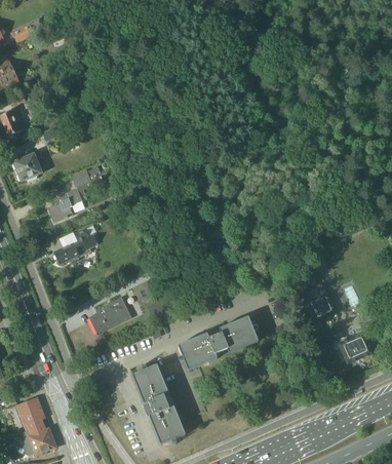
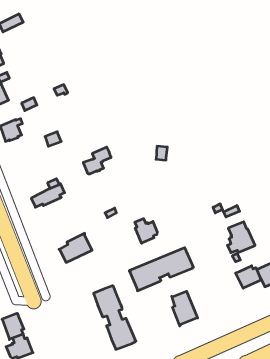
building: [47,188,82,222] -> [83,147,111,174]
building: none -> [135,219,157,243]
building: none -> [236,266,261,288]
building: none -> [172,291,198,326]

